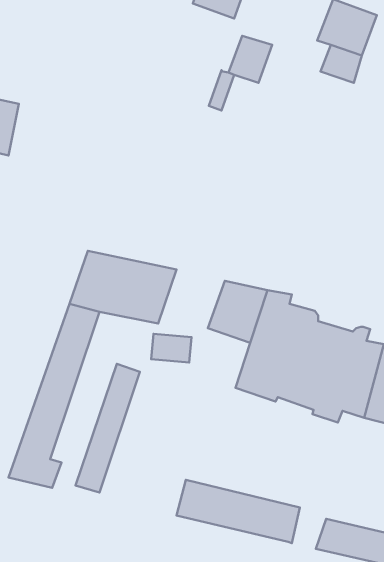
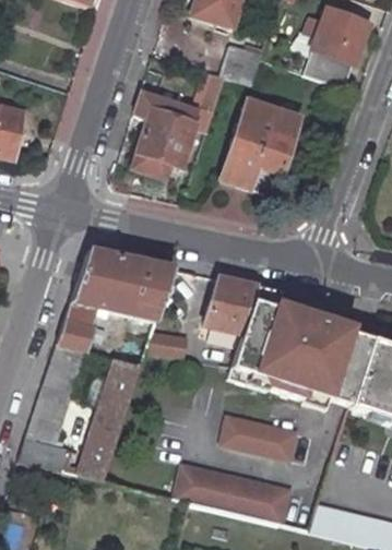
building: none -> [130,101,197,177]
building: none -> [216,101,297,198]
building: none -> [223,416,297,459]

